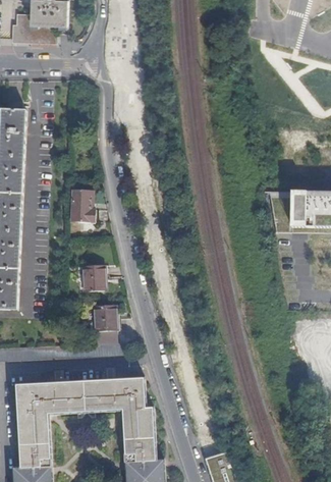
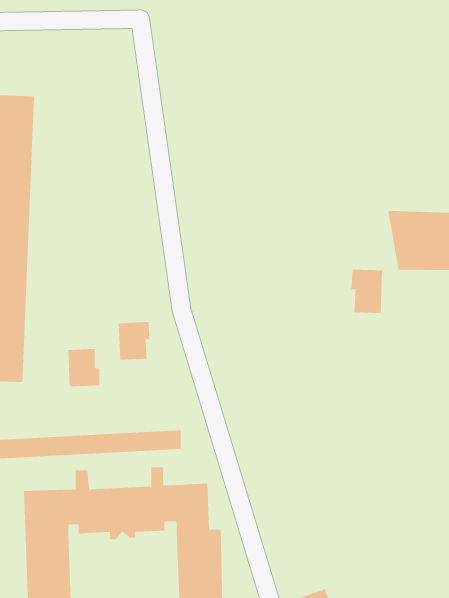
building: [70,191,95,223] -> none
building: none -> [351,269,382,314]
building: [94,306,116,332] -> [67,348,100,387]

